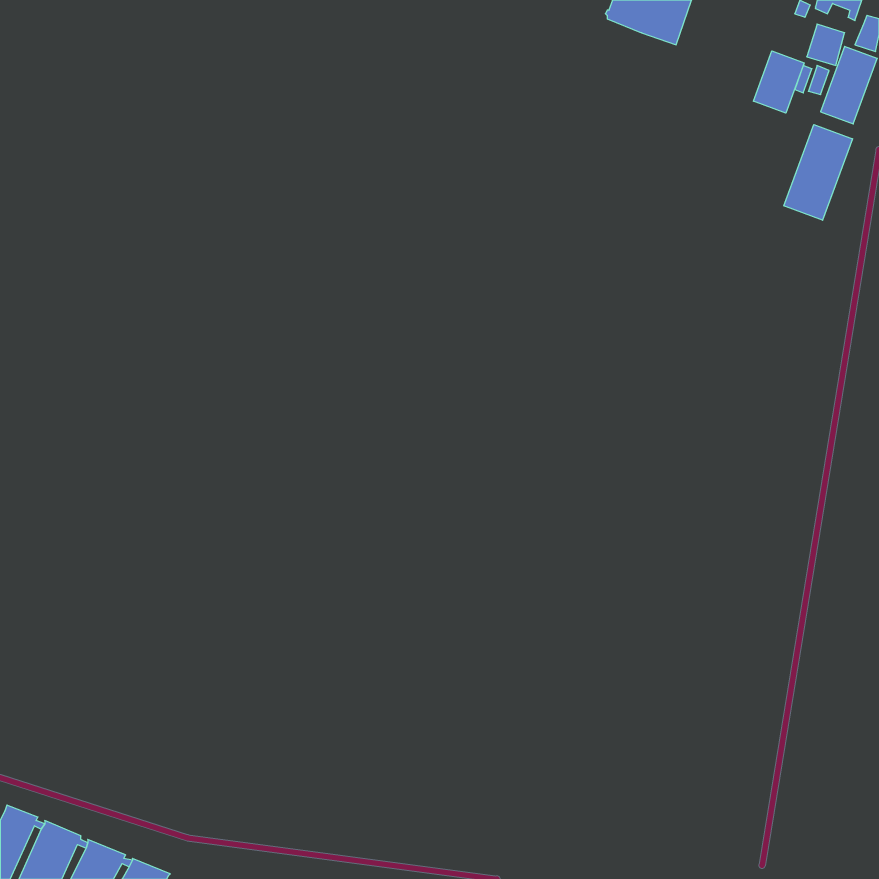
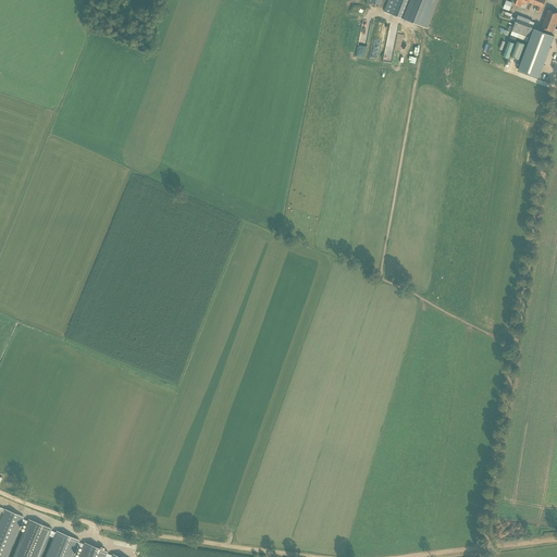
building: [753,51,804,113] -> none
building: [784,125,853,220] -> none

